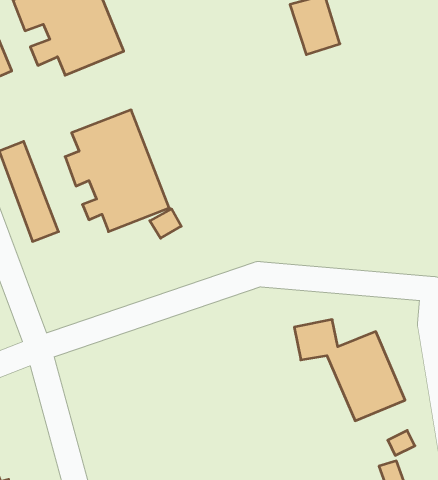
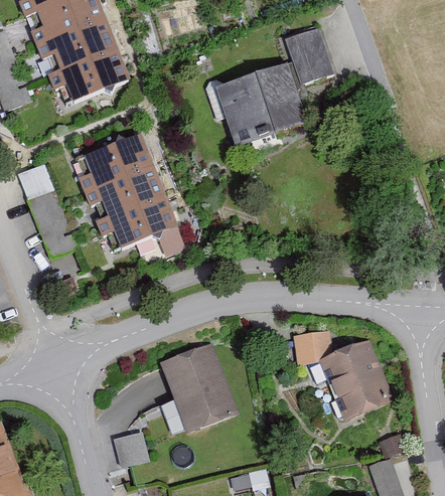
building: none -> [217,63,310,148]
building: none -> [160,343,237,429]
building: none -> [117,428,150,463]

